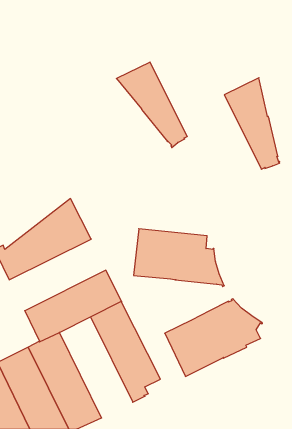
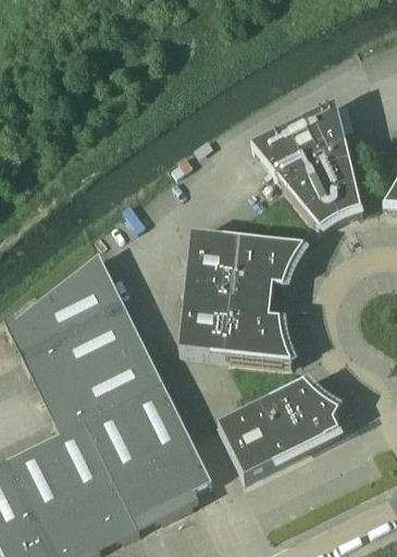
building: [116,62,187,148] -> [250,122,339,230]
building: none -> [185,232,306,299]
building: none -> [22,304,144,394]
building: none -> [85,401,177,529]

